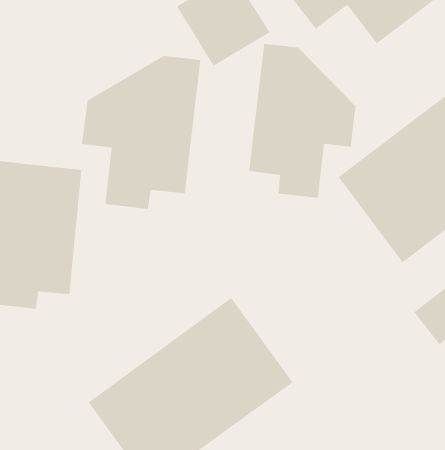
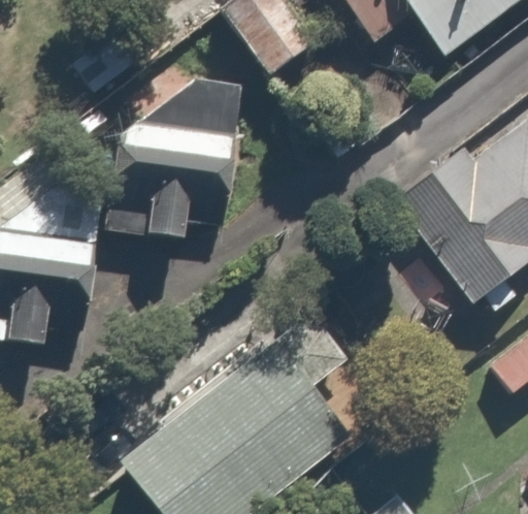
building: [249,43,356,199] -> none

